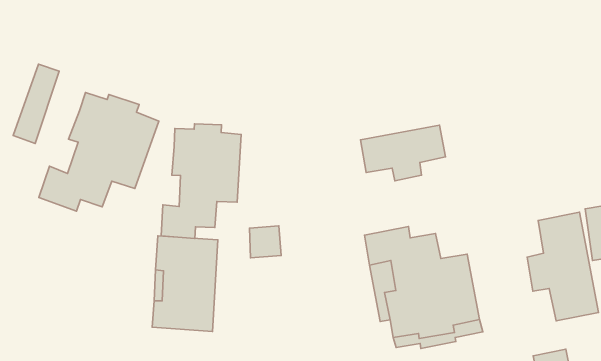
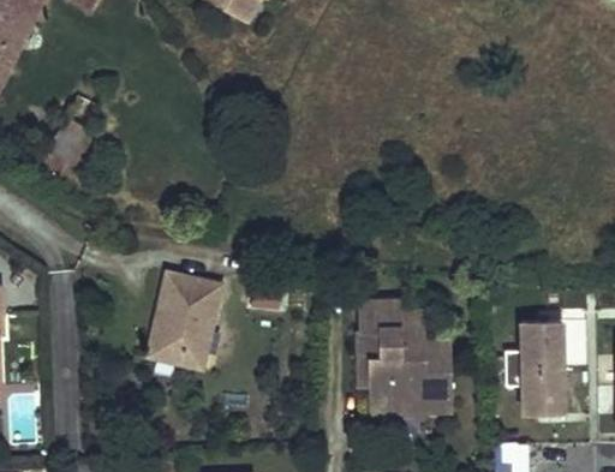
building: [39,92,159,211] -> none
building: [161,124,241,238] -> none
building: [360,125,445,181] -> none

